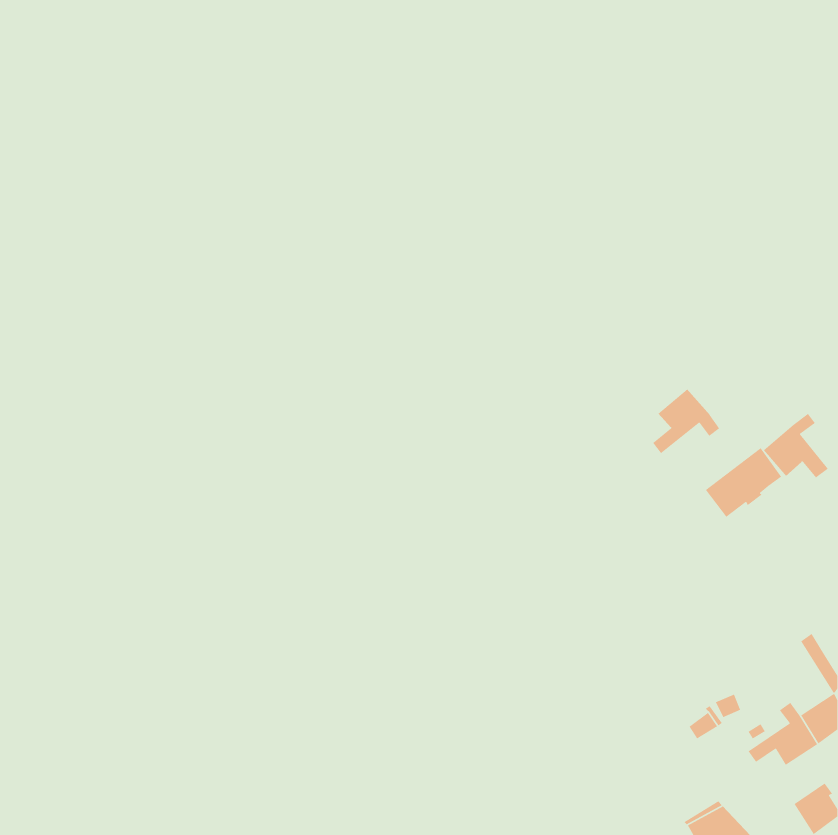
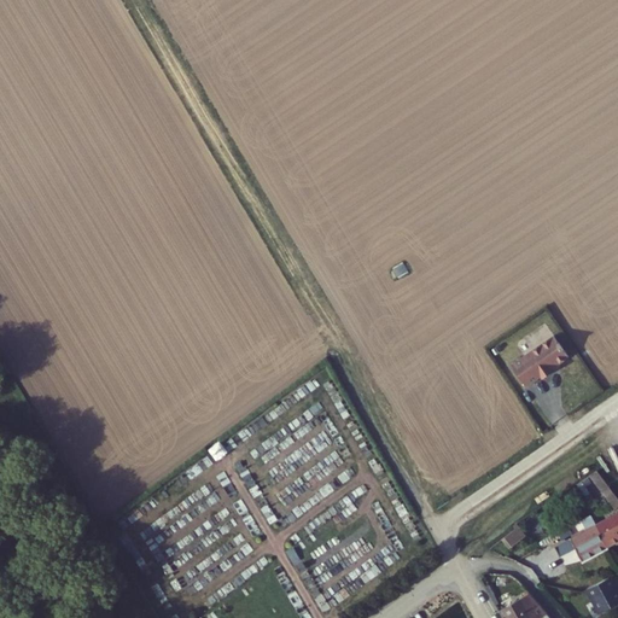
building: [652,388,720,454] -> none
building: [763,413,829,479] -> none

